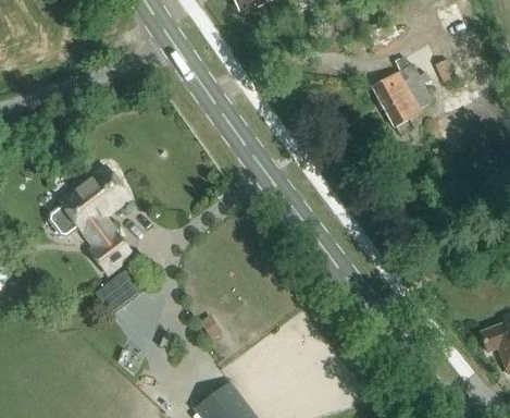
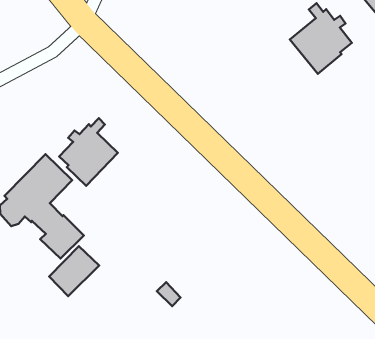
building: none -> [59,118,118,186]

